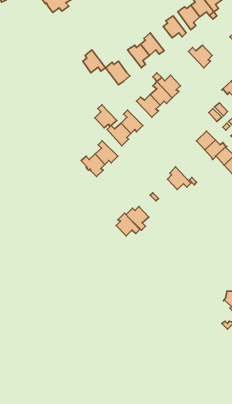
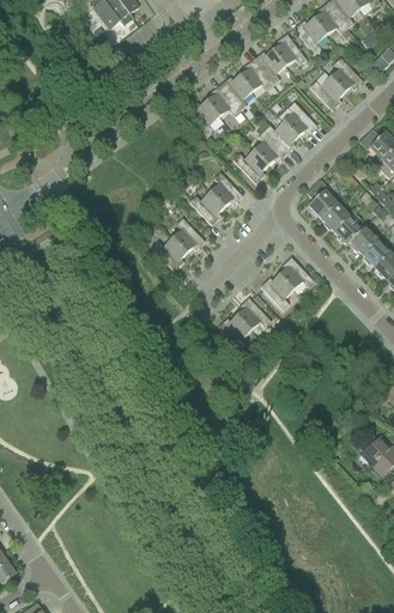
building: none -> [253,48,285,84]
building: none -> [329,56,362,91]
building: [83,50,106,73] -> [206,83,240,116]
building: none -> [283,101,316,135]
building: [95,105,117,128] -> none
building: none -> [307,178,335,217]
building: none -> [260,273,292,309]
building: [116,213,140,236] -> [236,296,271,329]

